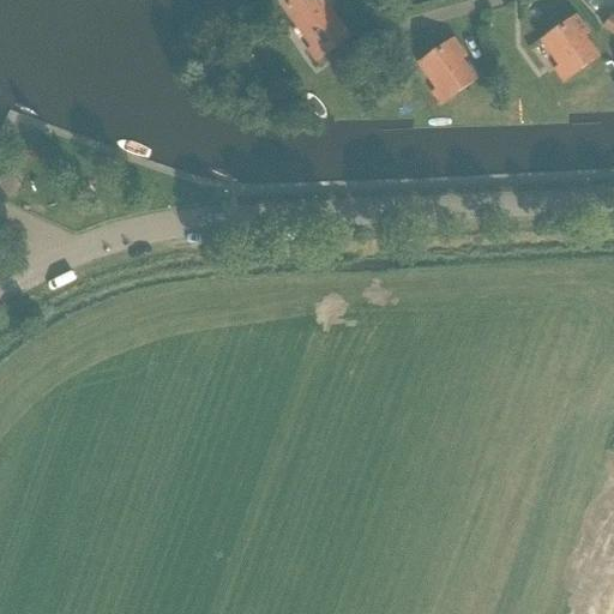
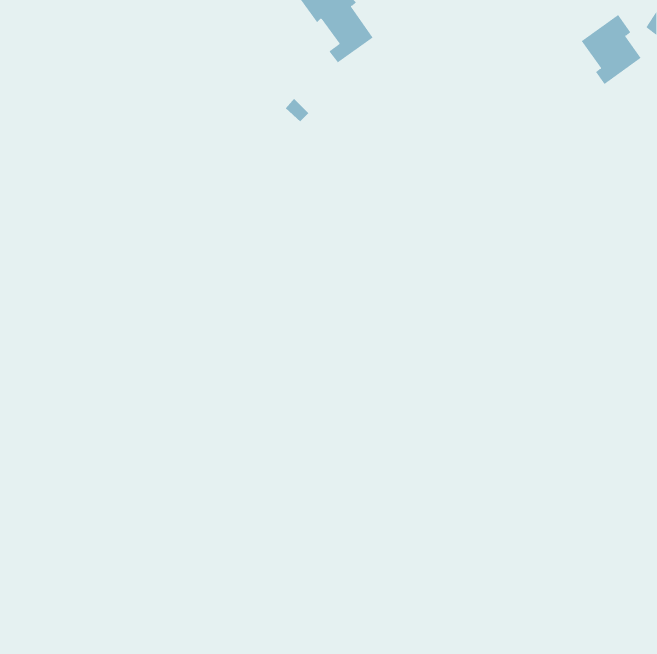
building: [419,36,474,102] -> none

